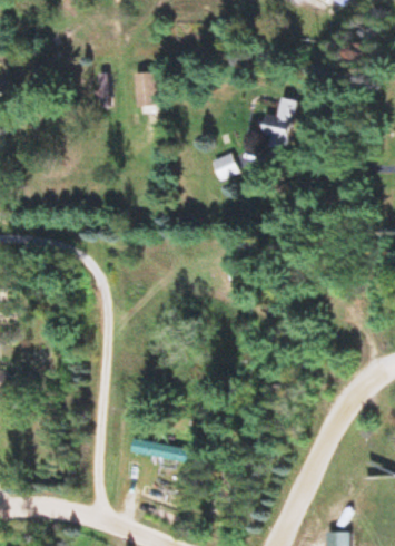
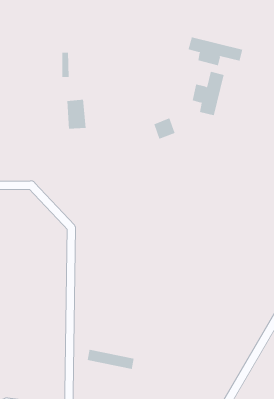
building: none -> [188,36,243,66]
building: [132,70,157,107] -> [66,99,86,129]

